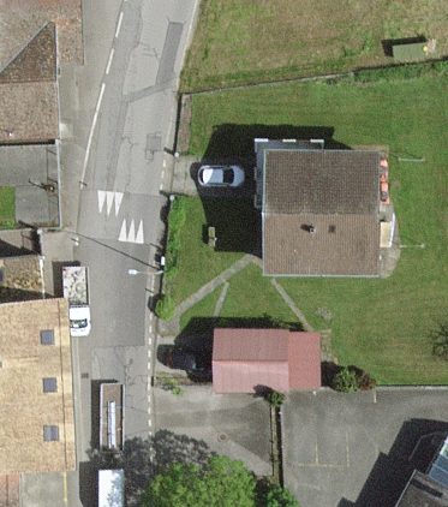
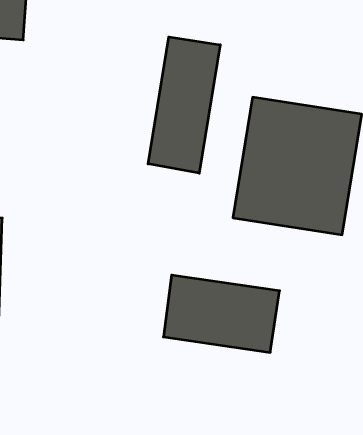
building: none -> [148,37,220,173]

